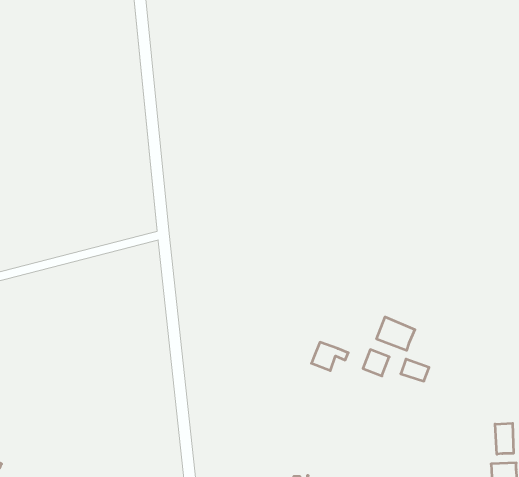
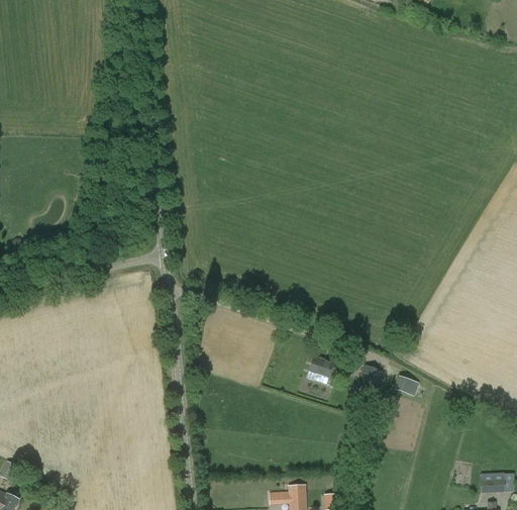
building: [377,317,415,350] -> none
building: [495,423,513,454] -> none

